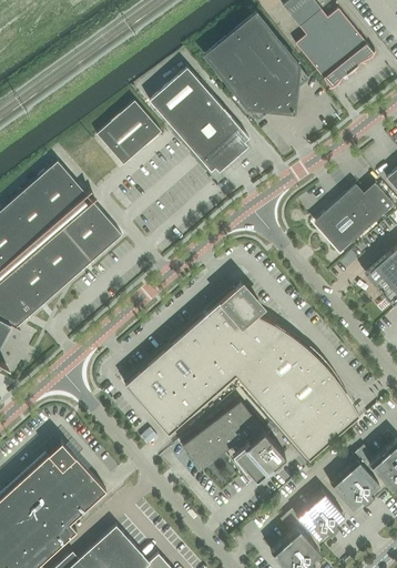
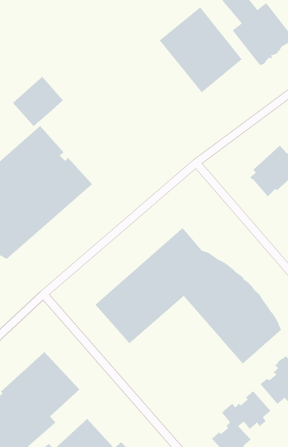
building: [149,68,248,172] -> none
building: [96,102,161,165] -> [12,76,64,127]
building: [181,402,284,479] -> none

